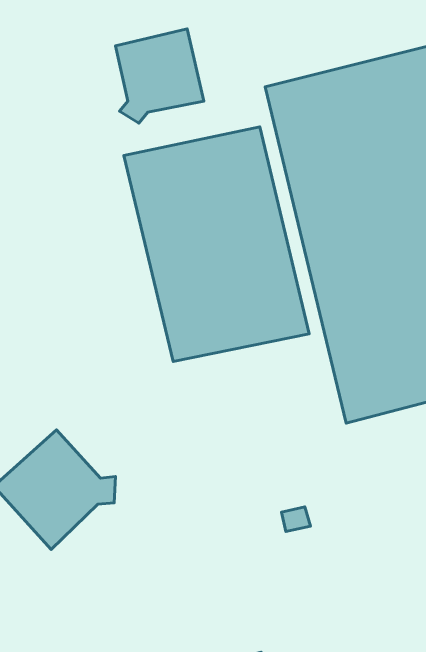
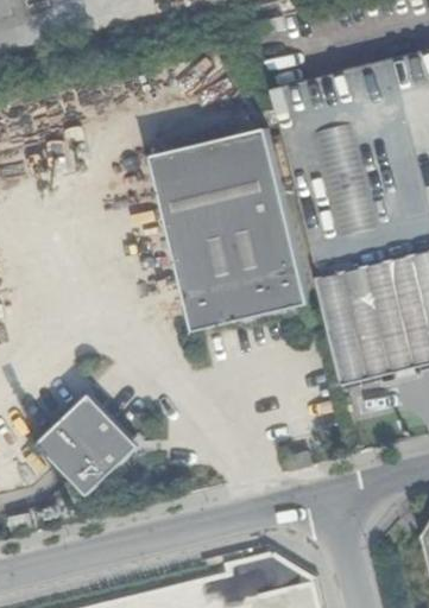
building: [116,29,204,123] -> none

